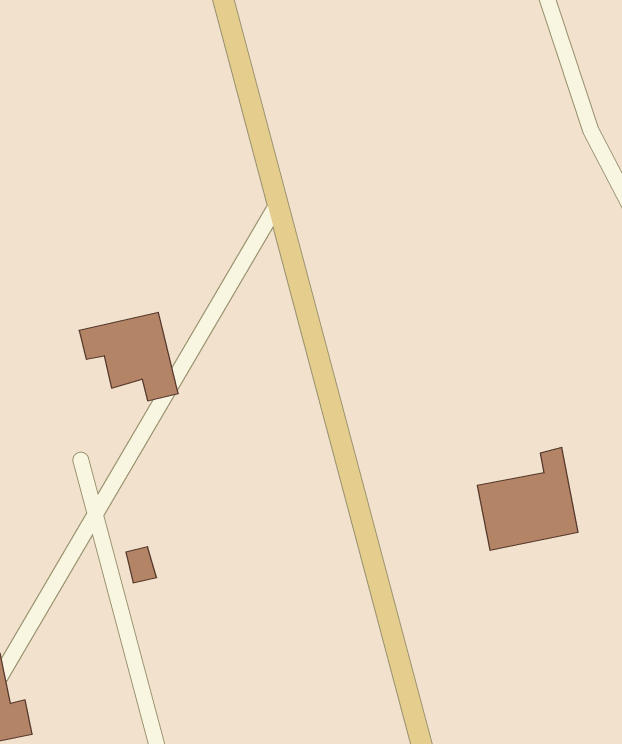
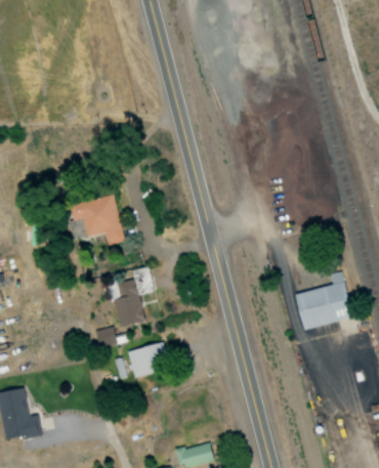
building: none -> [114,266,157,322]
building: none -> [127,343,166,378]

